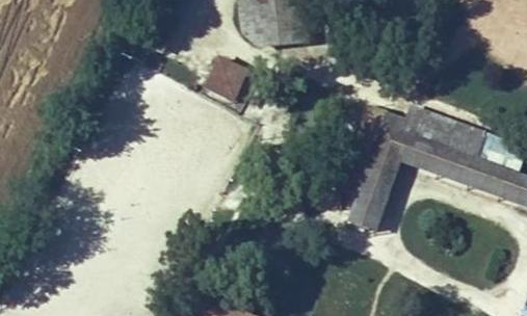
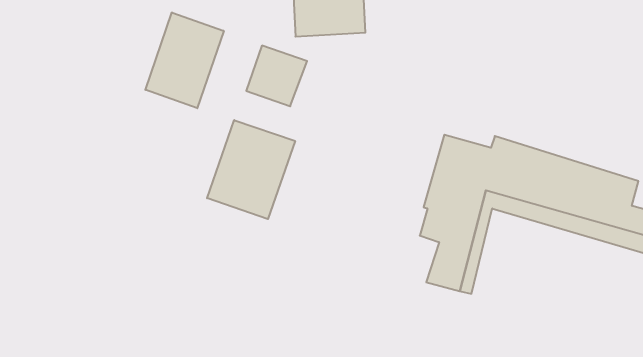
building: none -> [145,12,224,108]
building: none -> [207,120,295,219]

